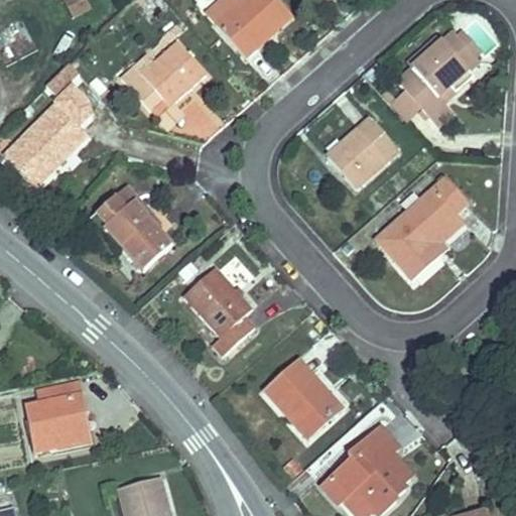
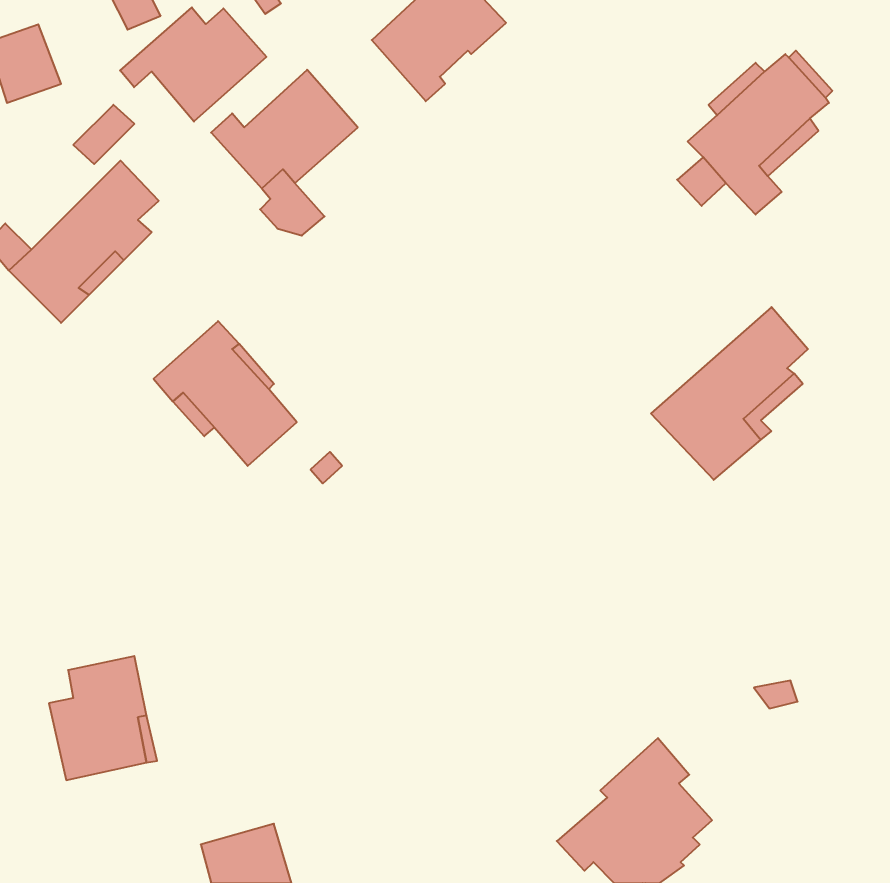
building: none -> [120,7,266,122]
building: [327,117,398,187] -> none
building: [183,267,254,355] -> none
building: [266,362,340,436] -> none

